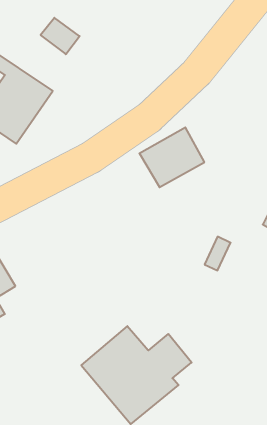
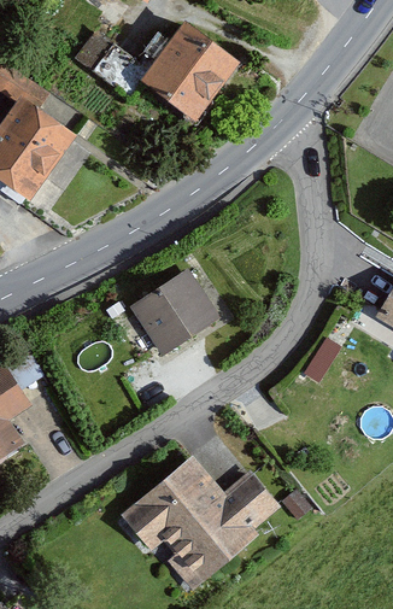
building: none -> [146,22,244,118]
building: [139,127,204,187] -> [127,274,217,357]

